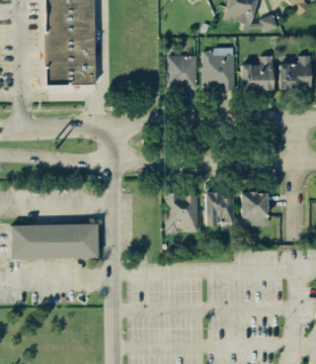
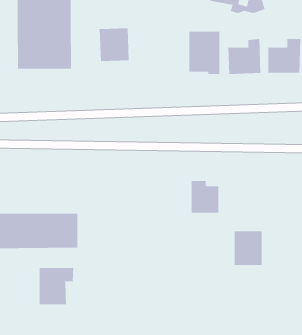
building: [168,56,198,88] -> [99,28,129,62]
building: [241,192,268,225] -> [234,231,262,266]
building: [166,193,199,232] -> none
building: none -> [39,267,74,305]

